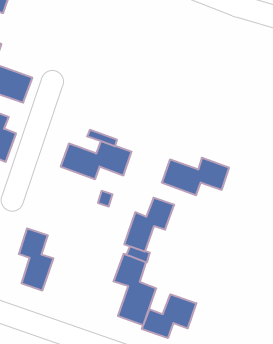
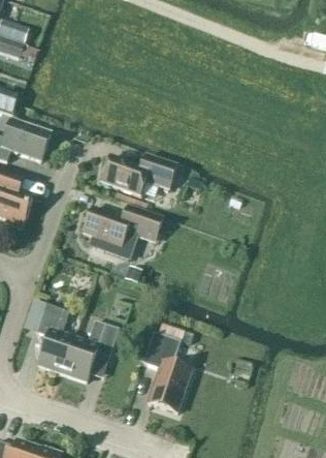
building: [162,158,229,195] -> [100,154,176,196]
building: [124,198,174,251] -> [62,322,119,383]
building: [142,294,196,338] -> none

